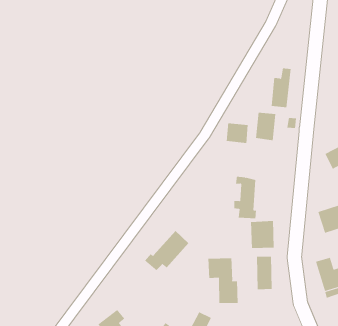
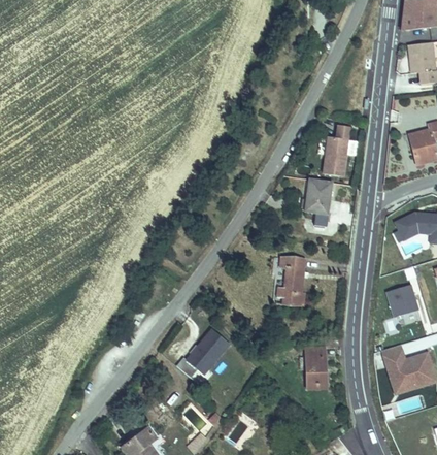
building: [226,123,248,144] -> none
building: [251,220,274,249] -> none
building: [208,258,238,304] -> none

